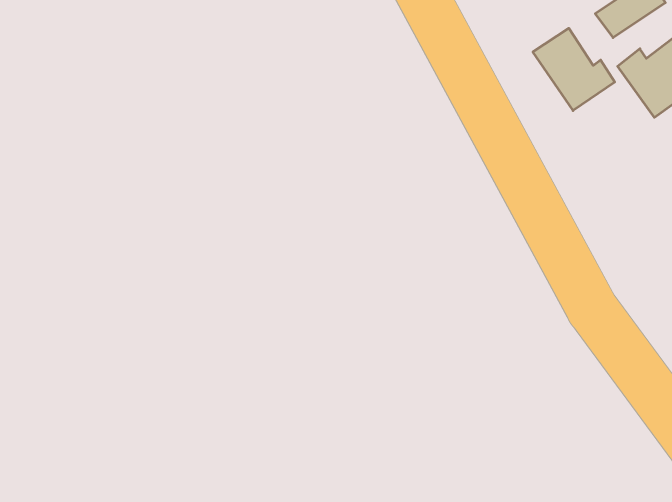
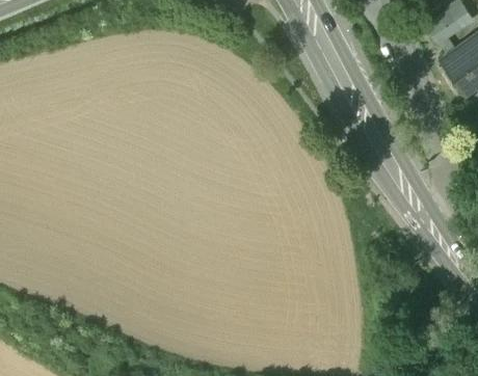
building: [533,28,615,111] -> none

